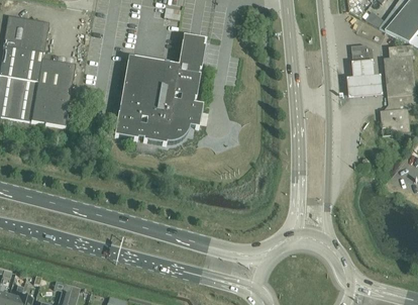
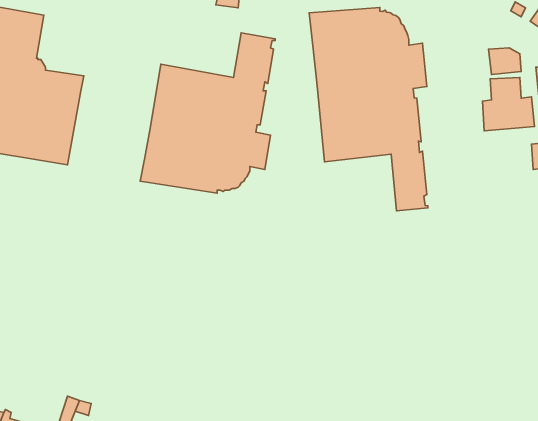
building: none -> [309,8,428,211]

